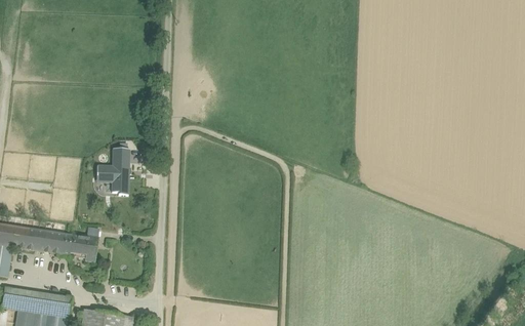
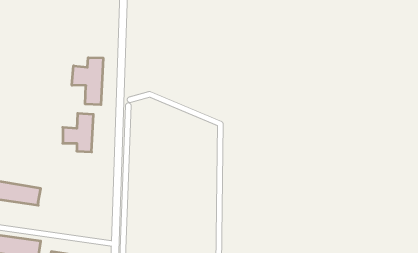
building: none -> [72,58,103,105]
building: [68,235,97,261] -> none

